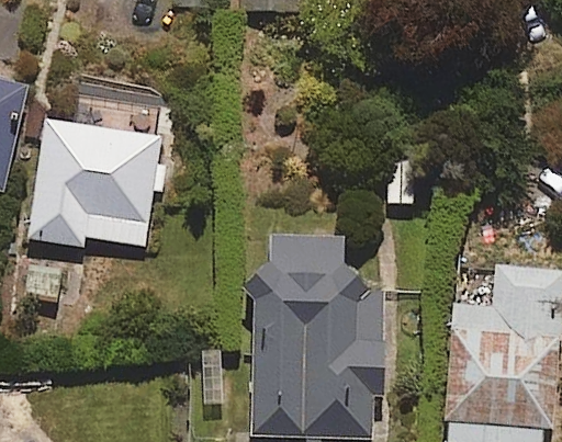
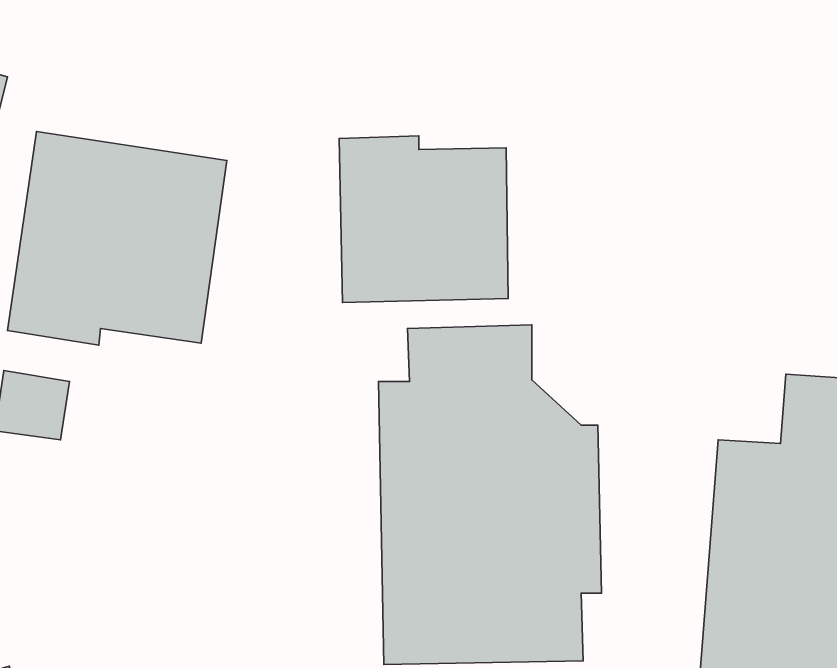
building: none -> [339,136,508,303]

